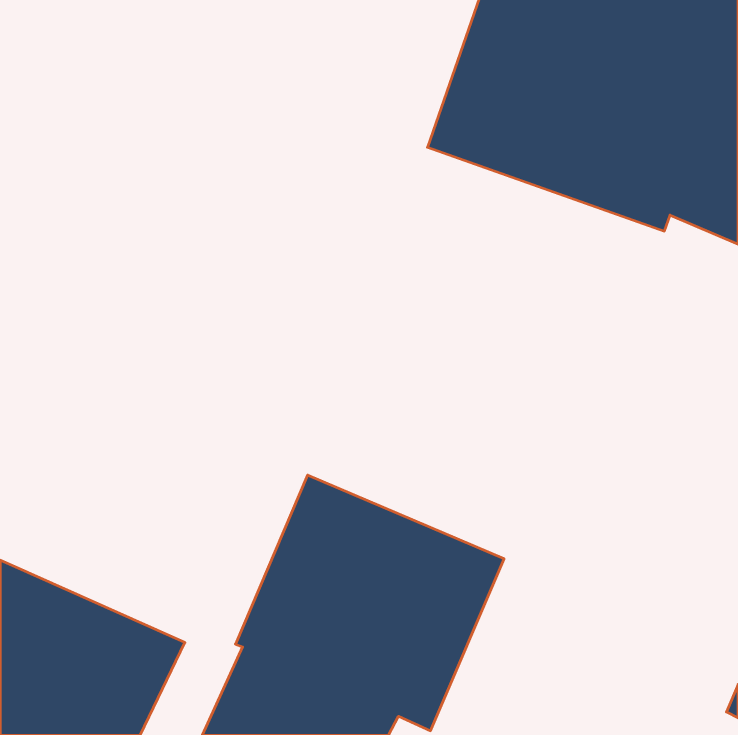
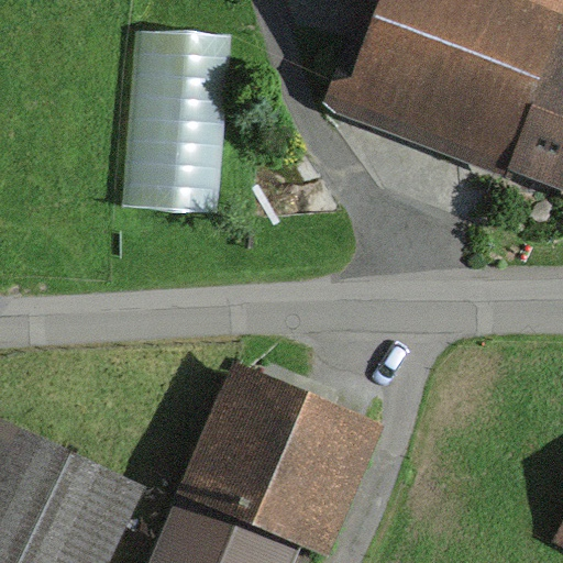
building: none -> [130,32,230,221]

